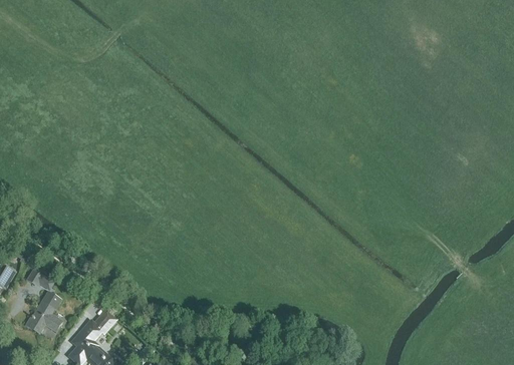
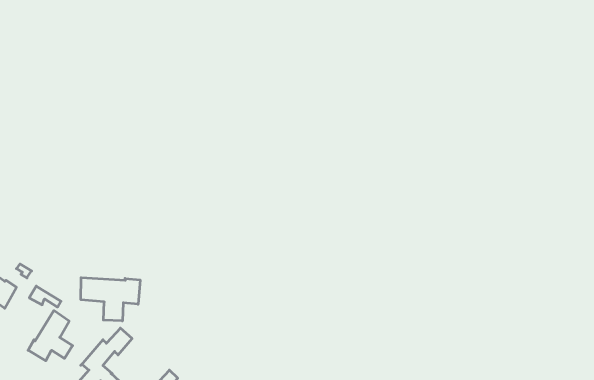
building: none -> [81,278,140,321]

